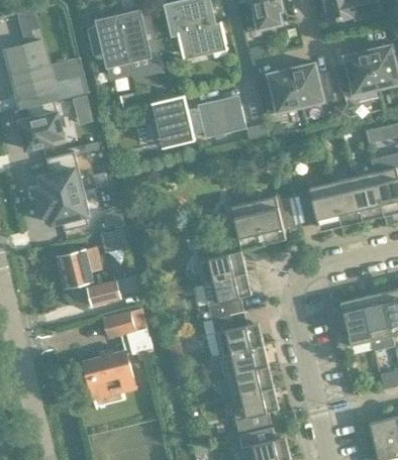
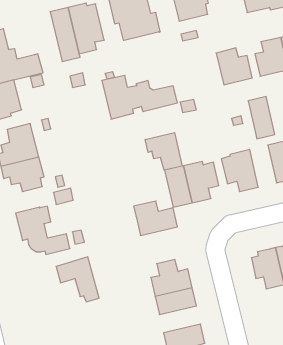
building: [260,70,300,115] -> none
building: none -> [145,133,182,170]
building: [330,178,362,227] -> [248,97,275,139]
building: [202,273,251,320] -> none
building: [83,351,135,395] -> none
building: [224,366,273,397] -> none

